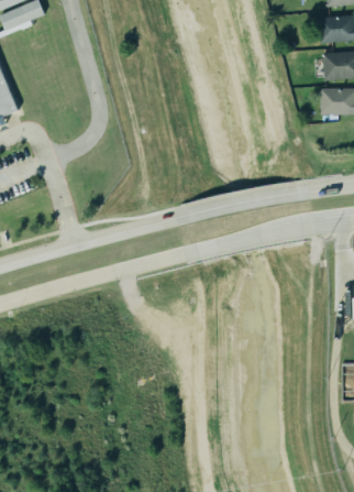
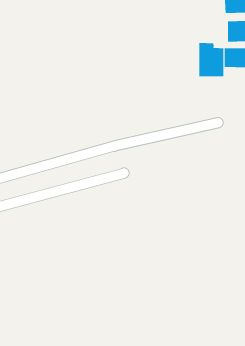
building: none -> [199,42,224,77]

